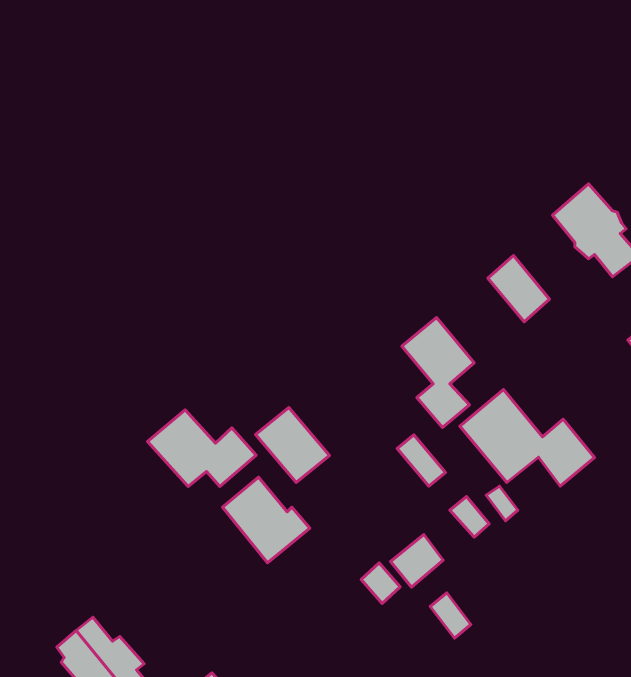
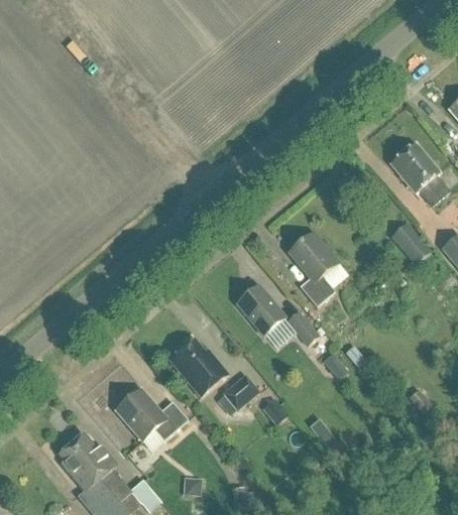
building: [488,255,550,322] -> [390,219,432,263]
building: [460,389,595,486] -> none
building: [256,407,329,483] -> [235,284,284,335]
building: [148,410,256,487] -> [114,388,187,439]
building: [391,534,443,587] -> [222,374,257,409]

